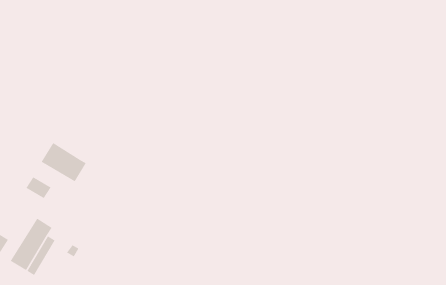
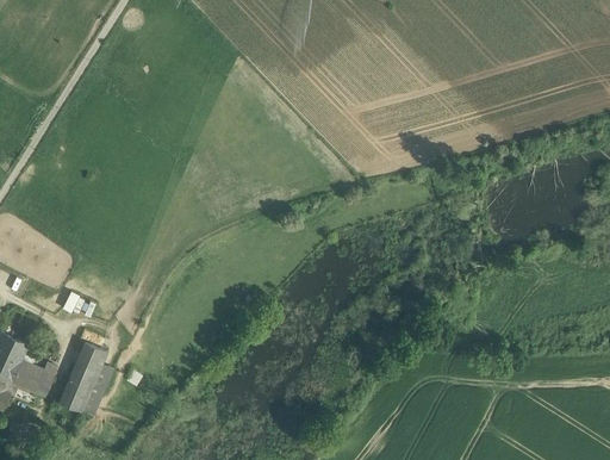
building: [41,142,86,182] -> none

